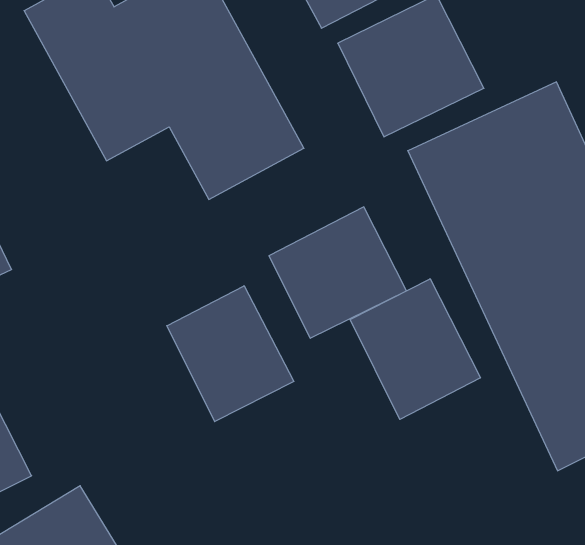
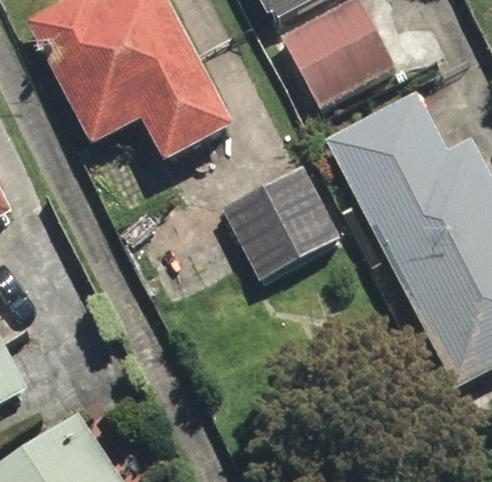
building: [350,279,480,419] -> none
building: [167,286,294,422] -> none

